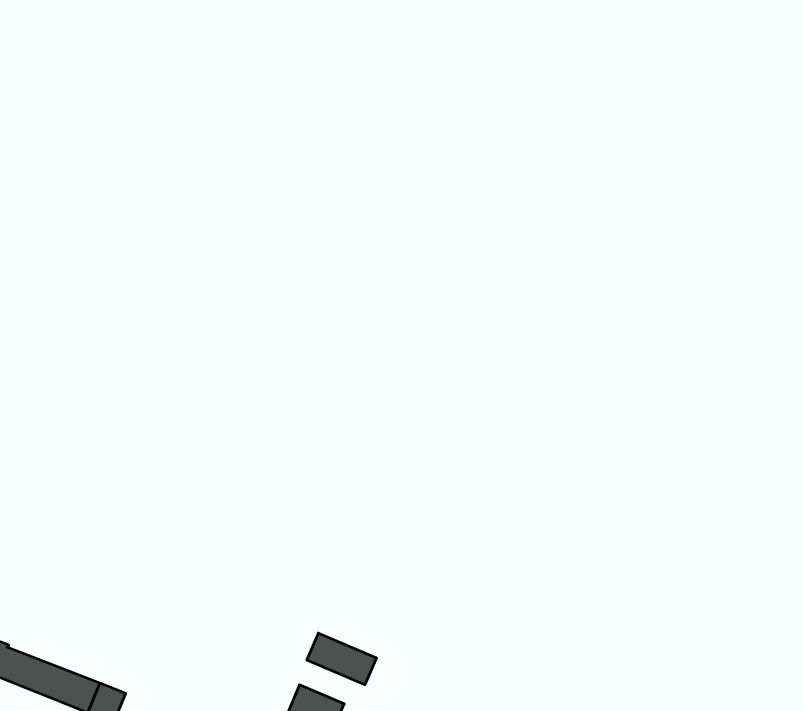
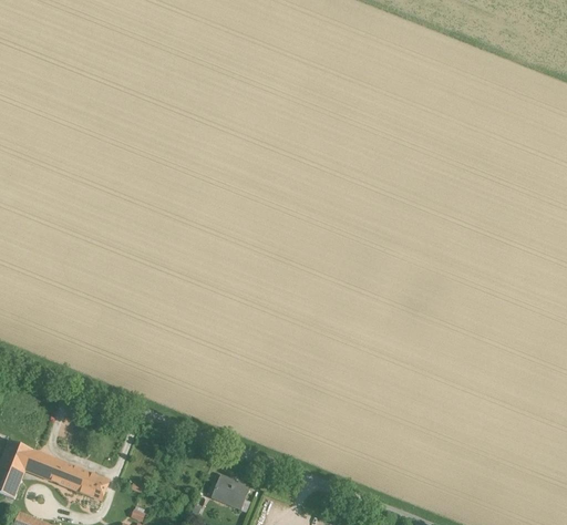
building: [307,633,376,685] -> none

